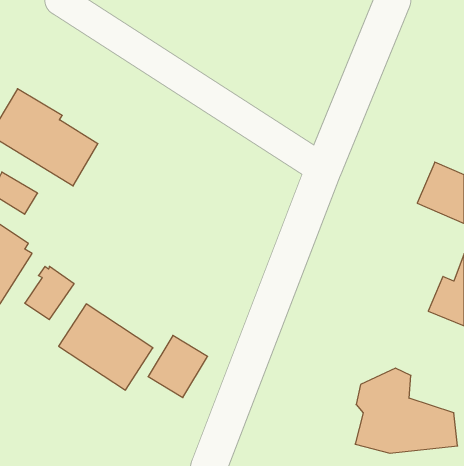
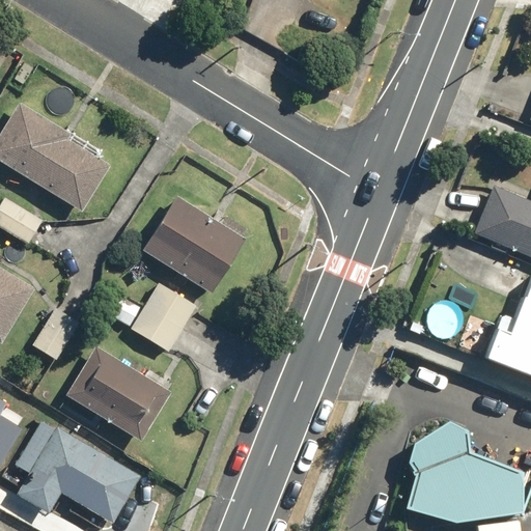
building: none -> [143,195,248,296]
building: [148,335,208,398] -> [129,283,196,354]
building: none -> [13,422,141,525]

